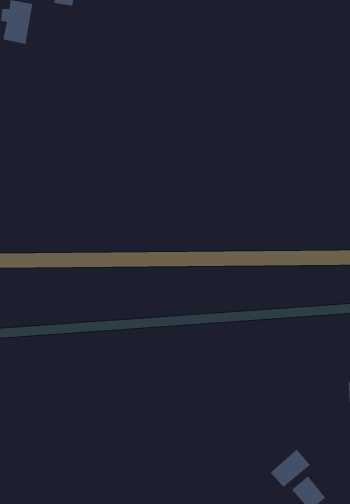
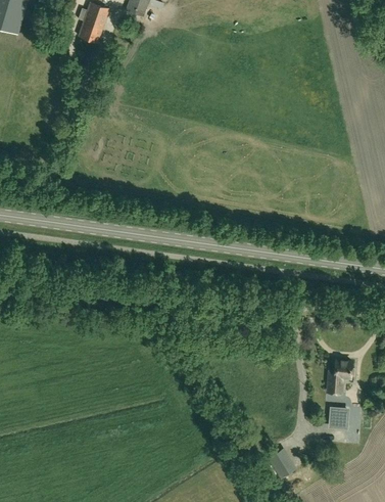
building: [270,449,311,488] -> none

